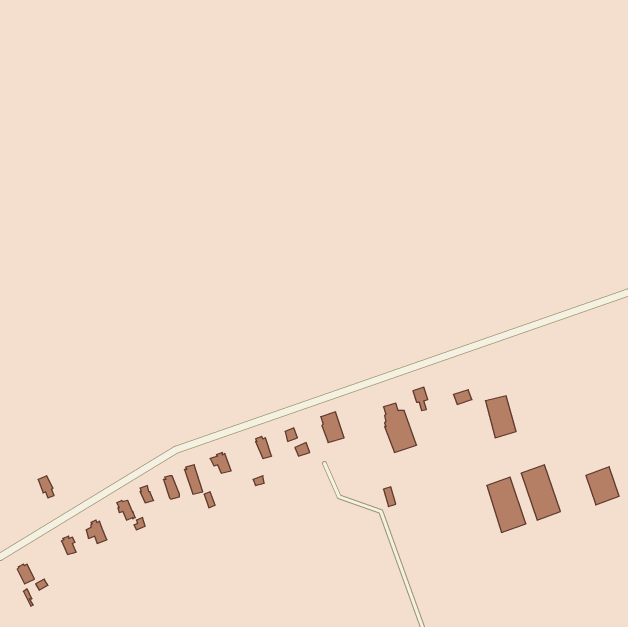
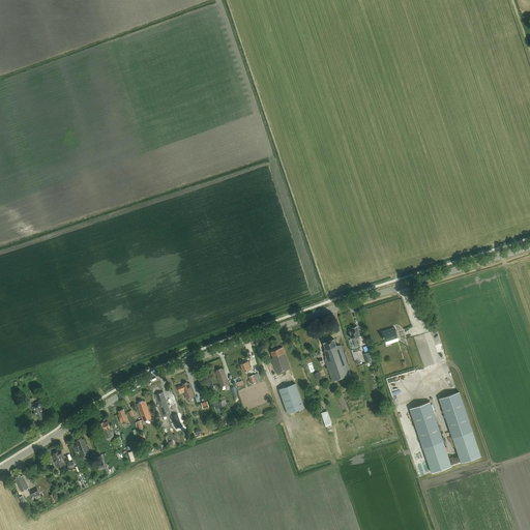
building: none -> [278,384,304,414]
building: [586,467,619,505] -> [452,432,480,464]
building: none -> [422,442,451,474]

